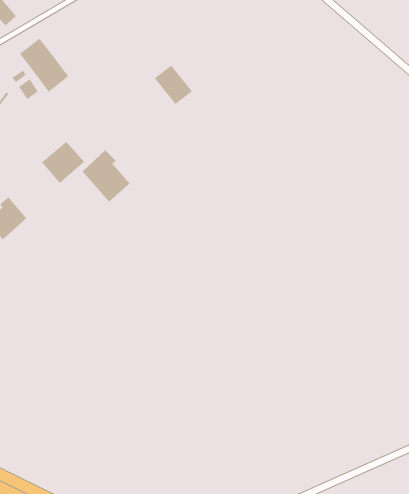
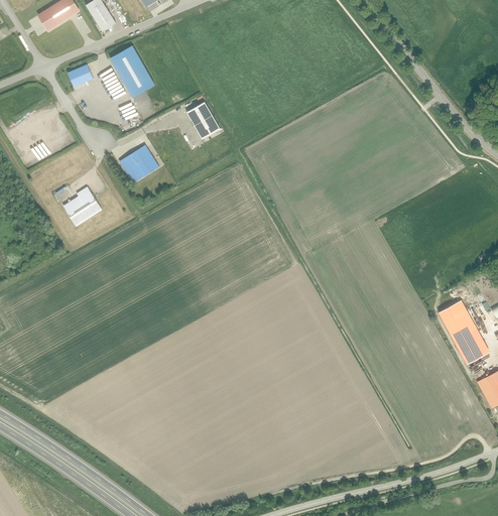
building: [154,65,193,105] -> [182,102,217,139]
building: [82,150,131,203] -> none

